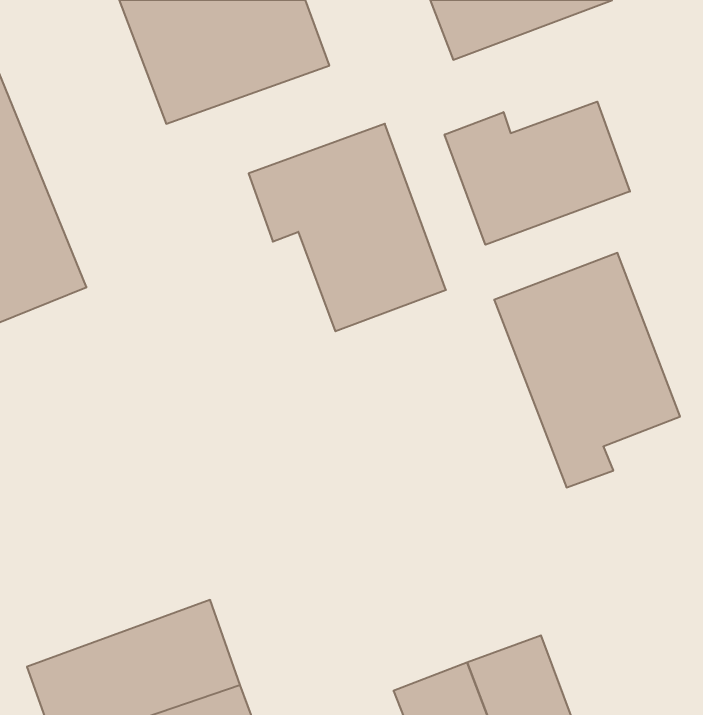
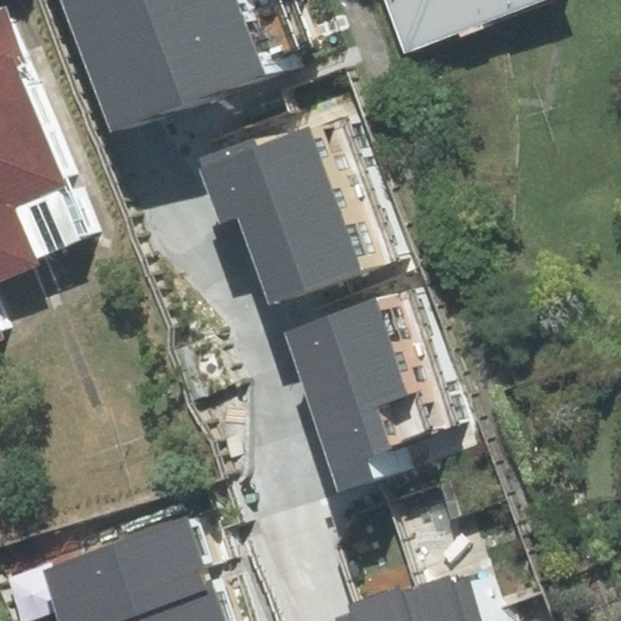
building: [445,102,630,245] -> none
building: [494,253,680,487] -> [295,281,454,482]

